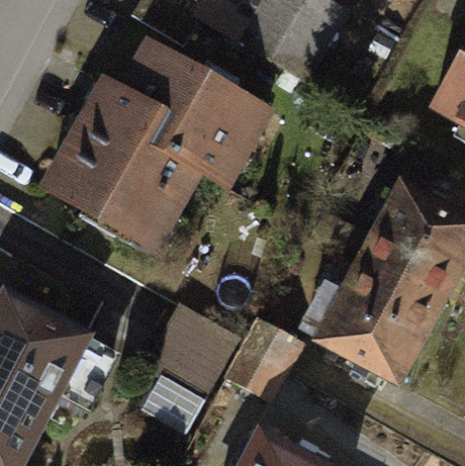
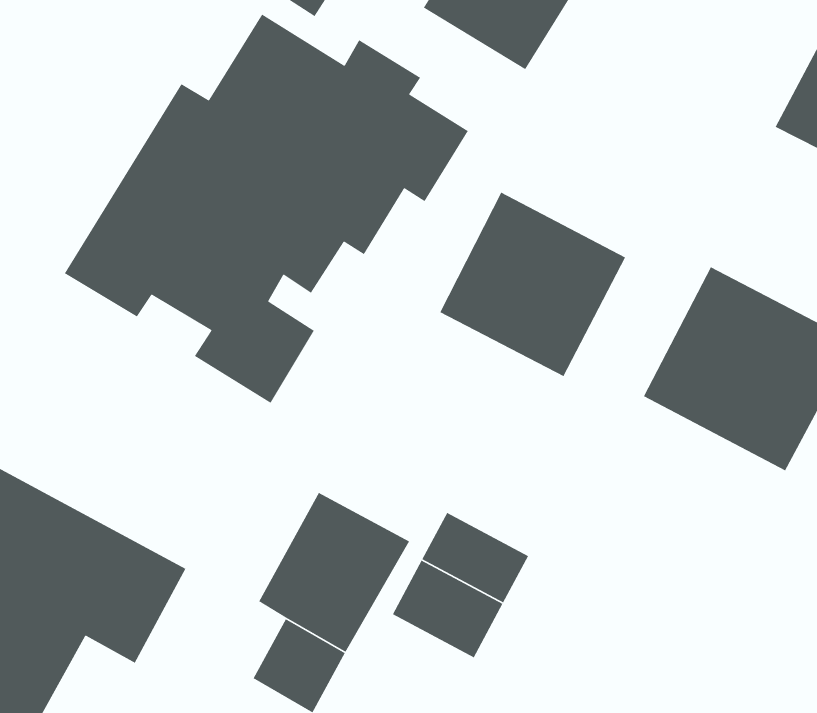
building: none -> [439,192,626,377]
building: [316,255,442,382] -> none

